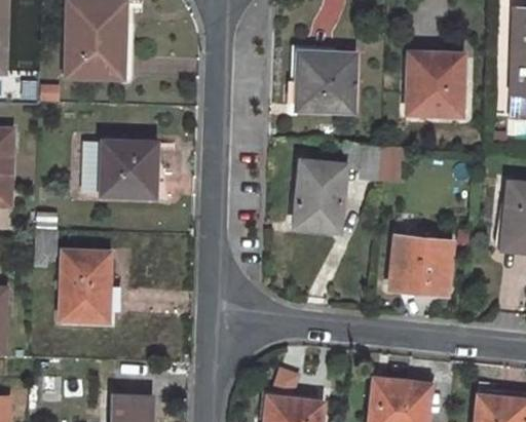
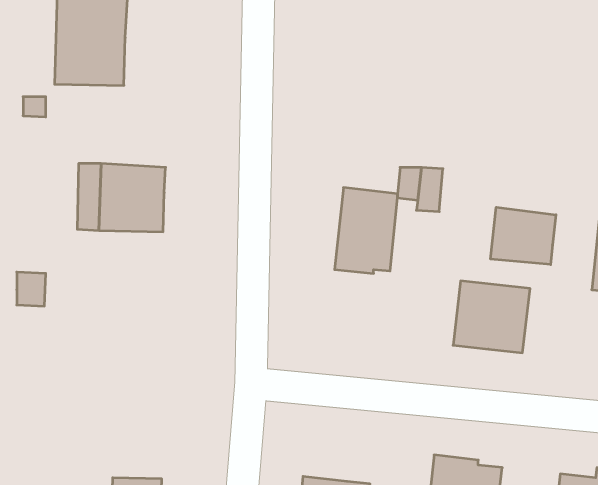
building: [297,52,355,112] -> none
building: [405,56,462,114] -> none
building: none -> [491,207,556,265]
building: [61,251,110,320] -> none

